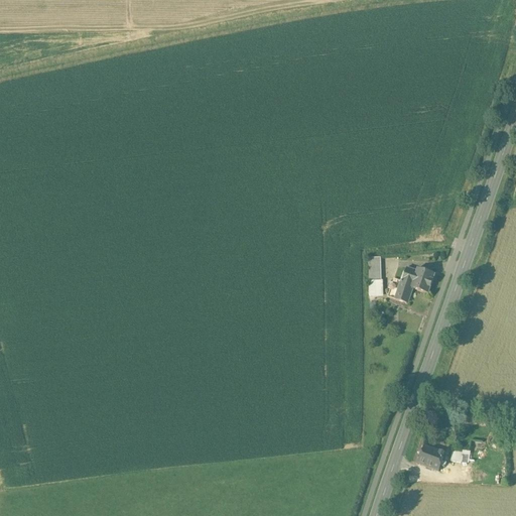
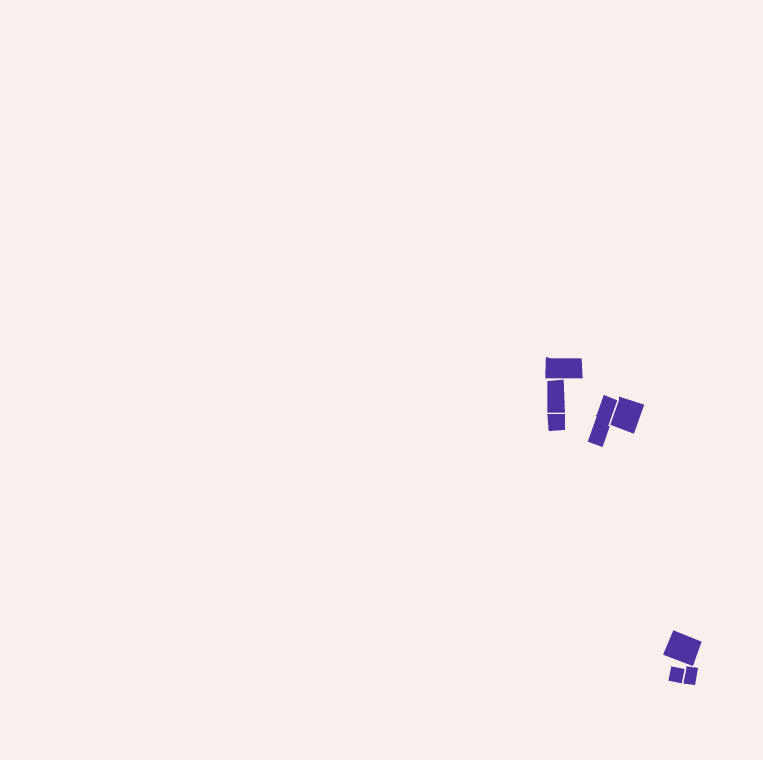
building: none -> [545,356,583,379]
building: [418,444,445,470] -> [662,630,703,667]

